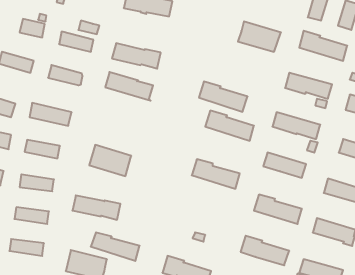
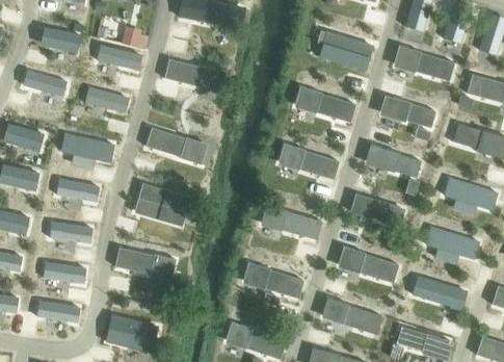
building: [105,72,153,101] -> [145,127,205,162]
building: [199,81,248,112] -> [295,85,355,123]
building: [91,232,140,261] -> [243,263,303,299]

